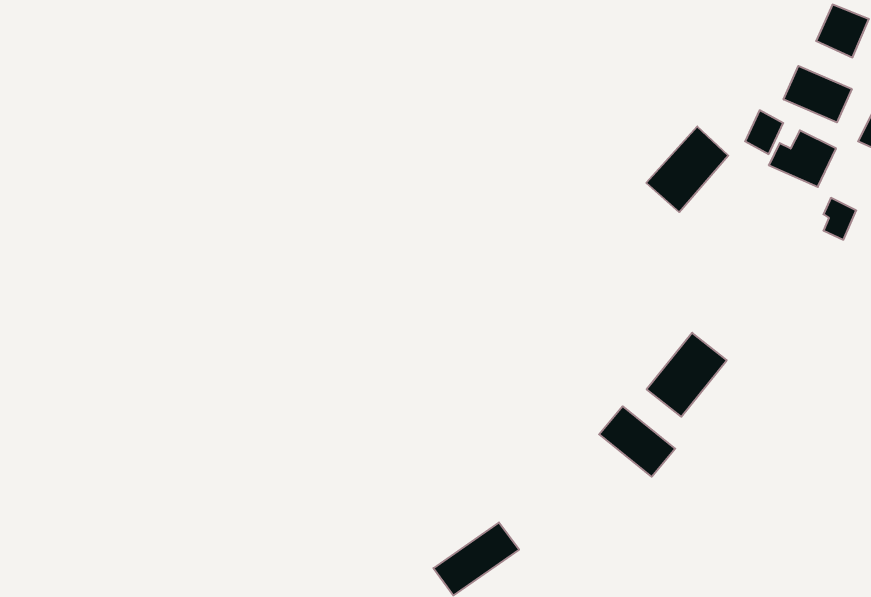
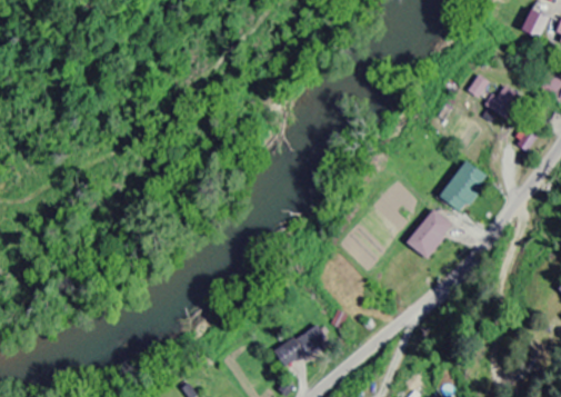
building: [784,66,852,122] -> none
building: [646,126,728,212] -> [439,159,489,211]
building: [599,406,675,477] -> none

